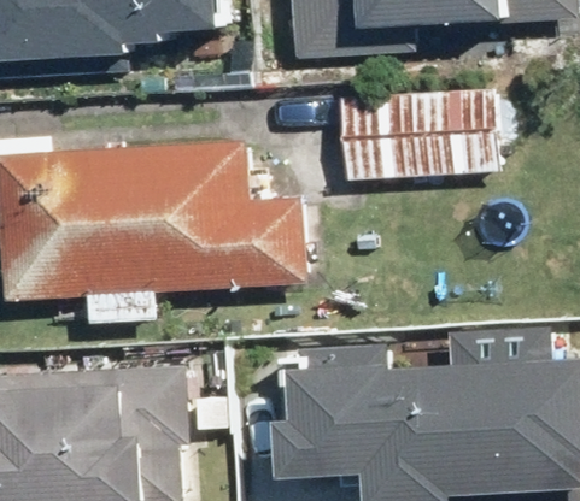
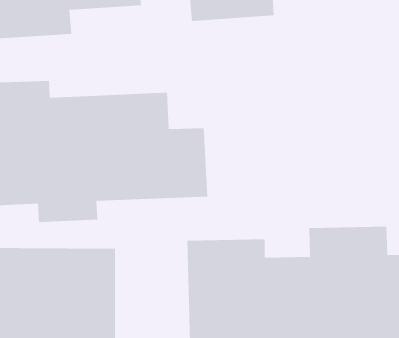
building: [327,86,493,185] -> none

